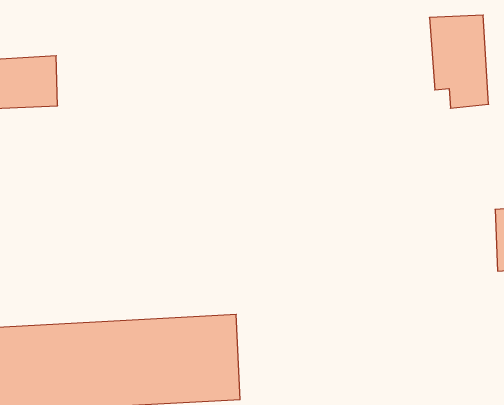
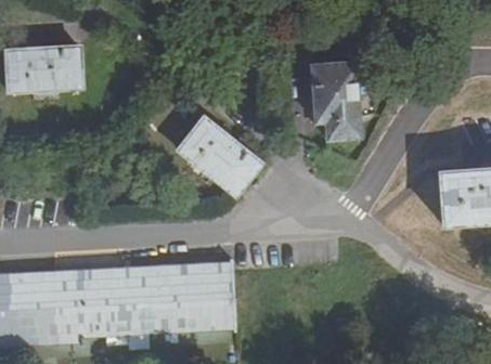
building: [429,15,489,108] -> [311,63,360,140]
building: none -> [178,118,259,194]

